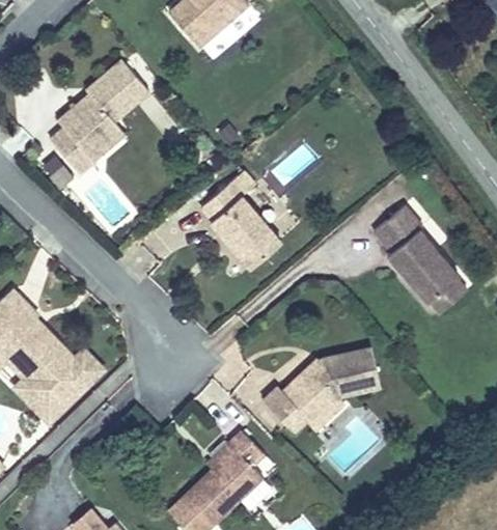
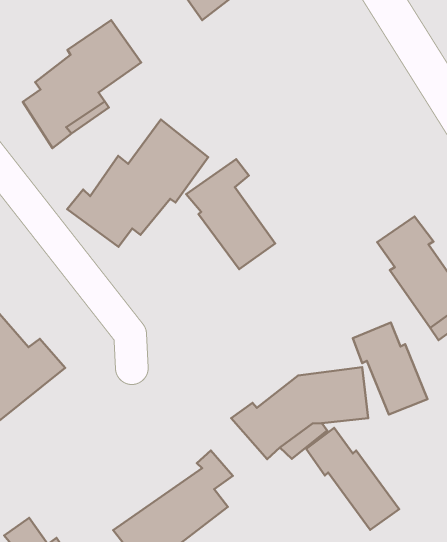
building: none -> [67,120,208,247]
building: none -> [353,322,428,415]
building: none -> [306,428,399,530]

